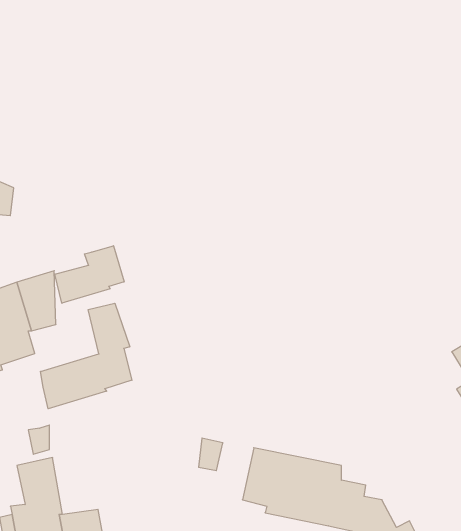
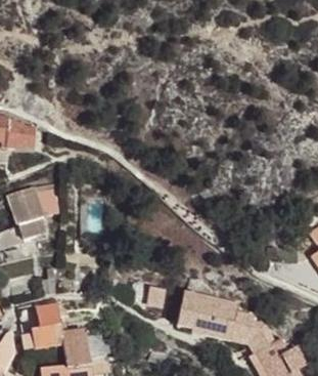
building: [55,246,124,303] -> none
building: [40,303,132,409] -> none

